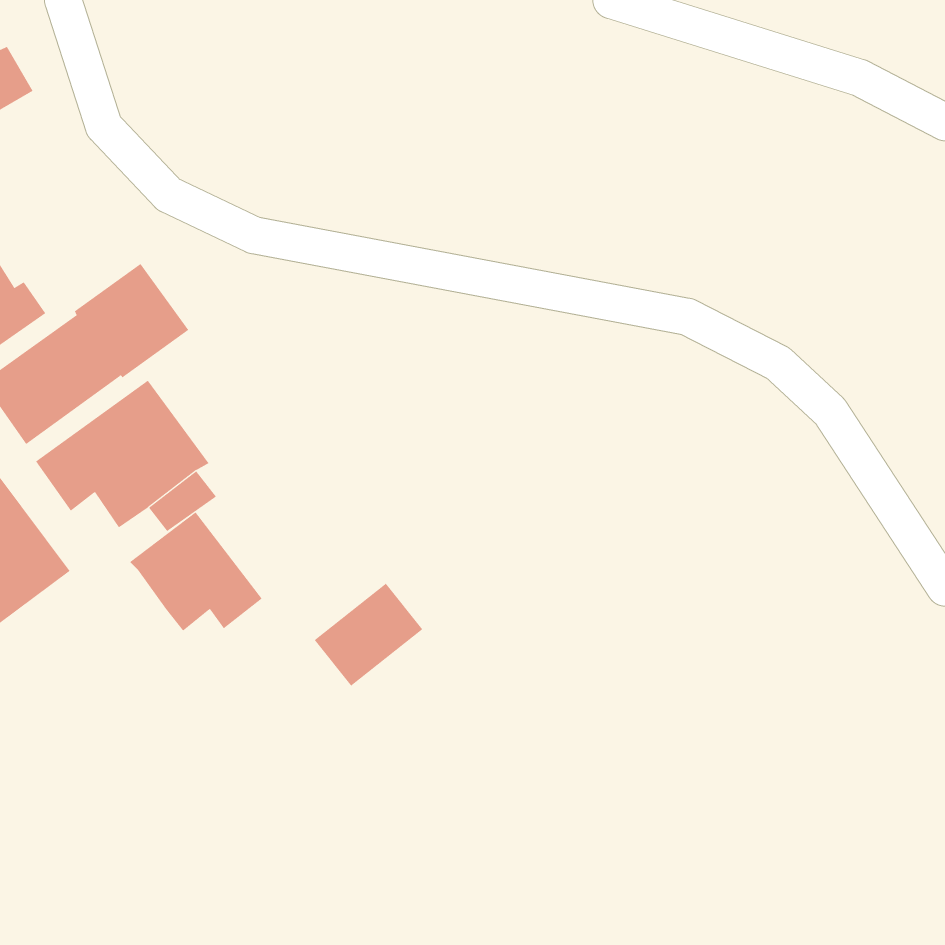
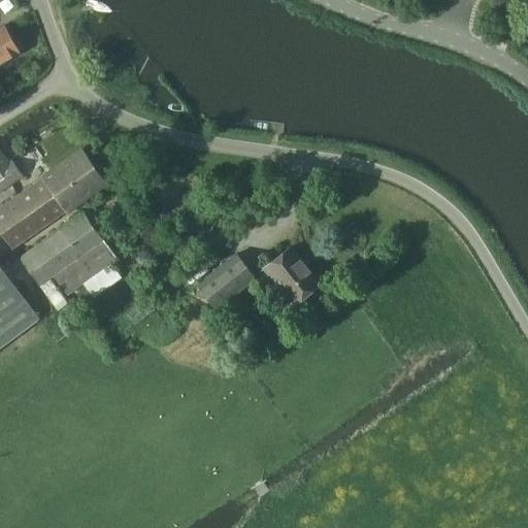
building: none -> [262,246,320,306]
building: [129,512,263,631] -> none
building: [314,583,423,687] -> [195,253,256,310]

